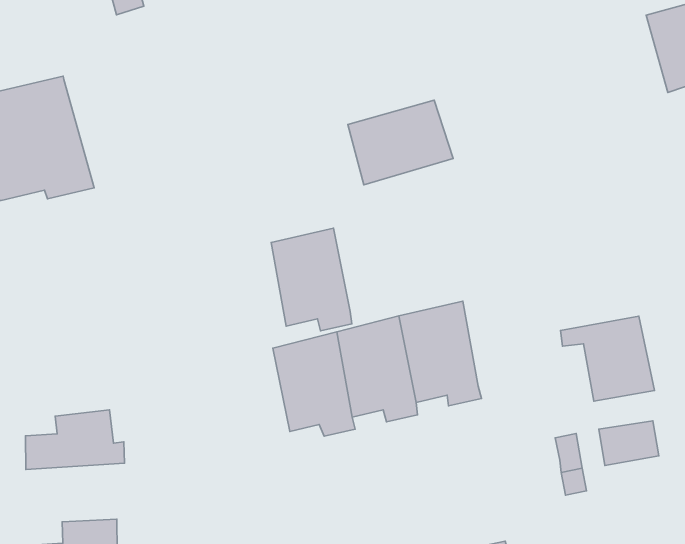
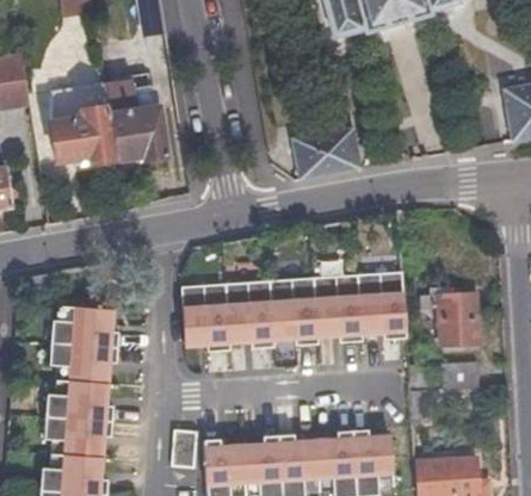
building: none -> [106,81,166,161]
building: [271,228,352,331] -> [183,283,230,351]
building: none -> [357,260,406,329]
building: none -> [49,345,117,385]

